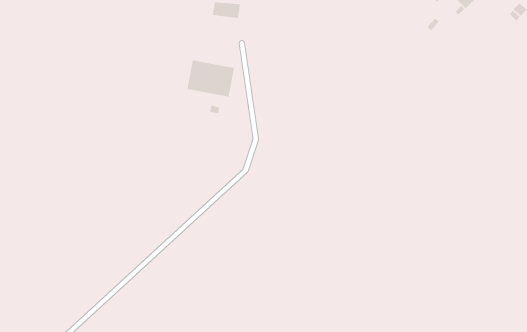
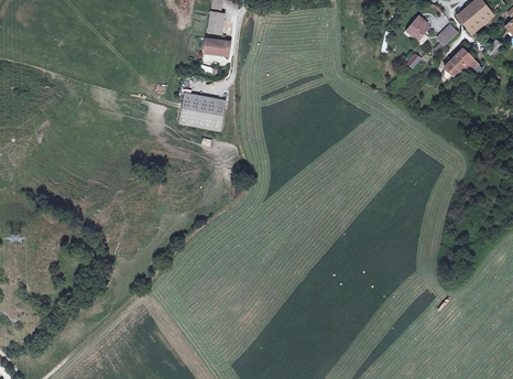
building: none -> [444,48,482,79]

